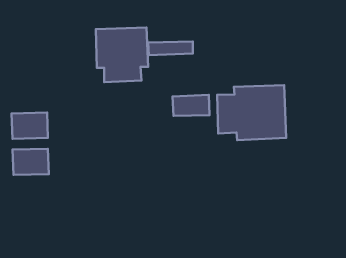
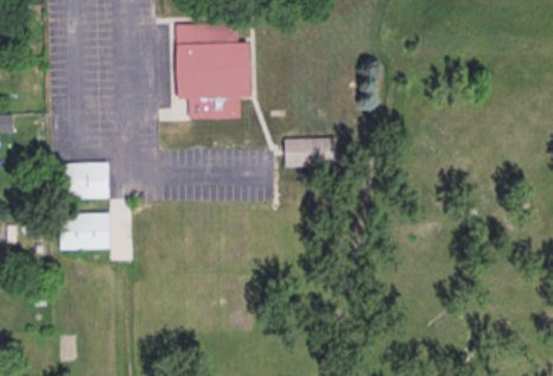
building: [148,42,193,55] -> [176,23,239,42]
building: [217,85,286,140] -> none

